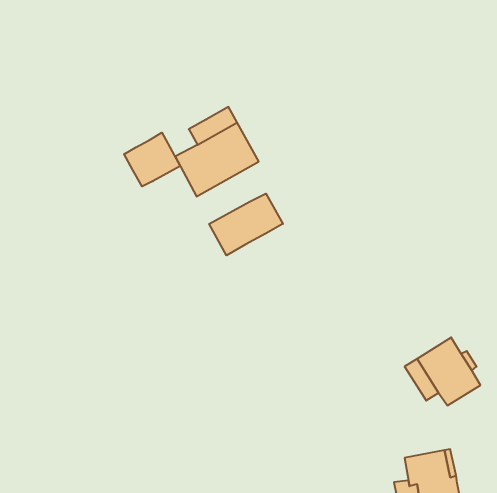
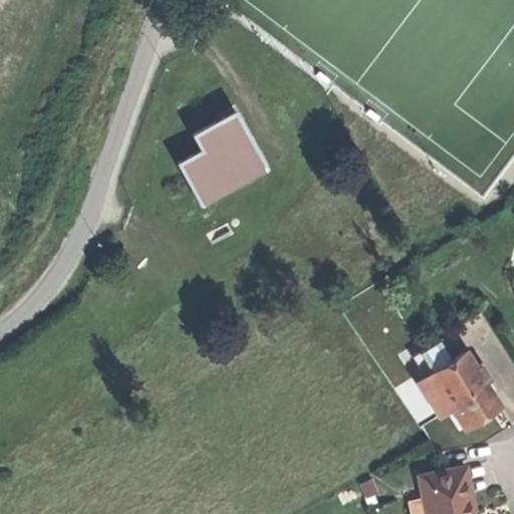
building: [124,133,180,186] -> none
building: [209,194,283,255] -> none

